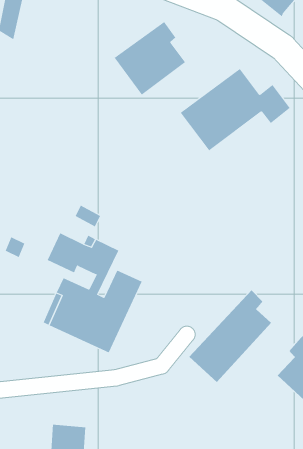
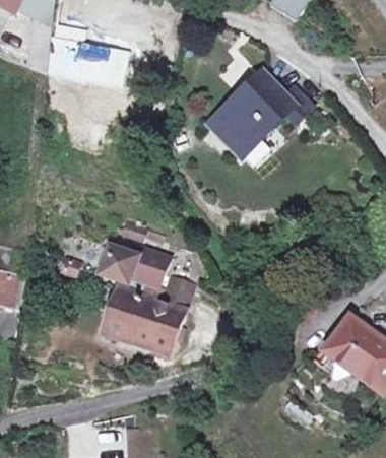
building: [114,21,186,95] -> none
building: [189,290,272,383] -> none

